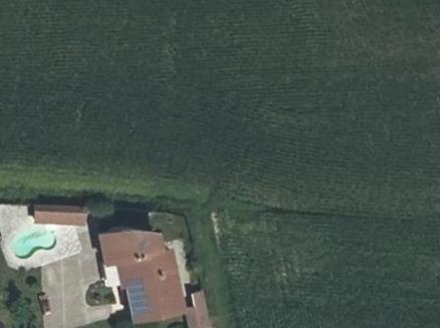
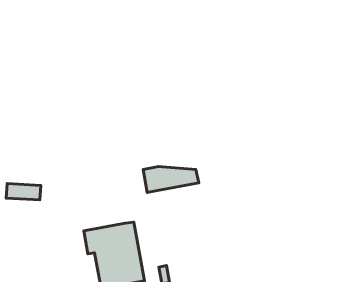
building: [102,233,161,260] -> [143,167,199,193]

